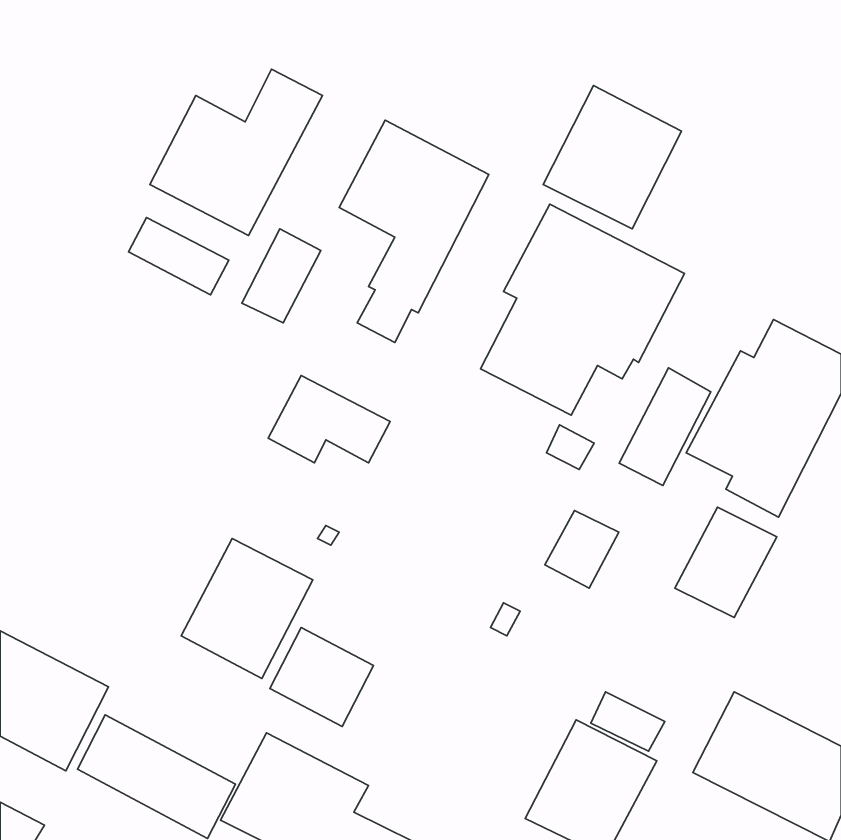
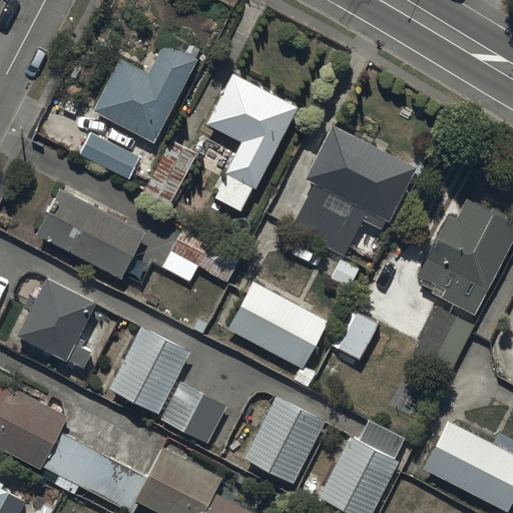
building: [543,86,681,229] -> none
building: none -> [35,187,147,279]
building: [619,368,711,486] -> none
building: none -> [16,278,98,372]
building: none -> [228,282,328,369]
building: none -> [243,399,325,485]

